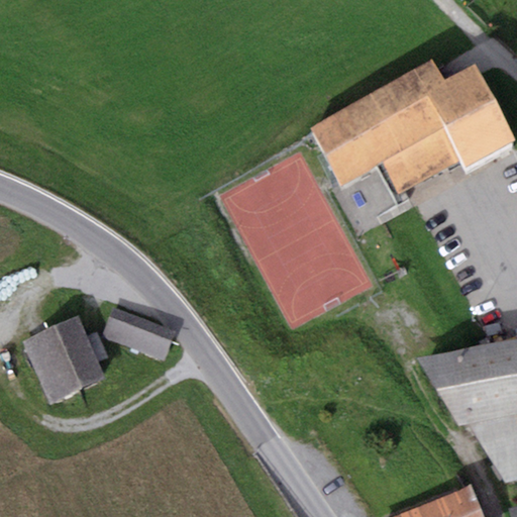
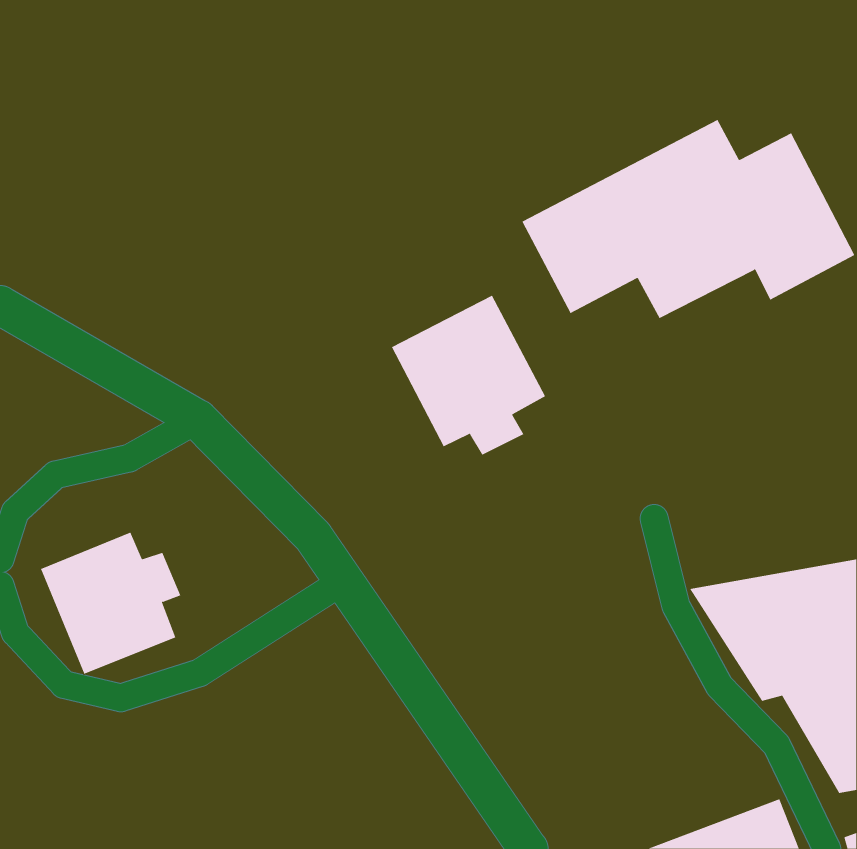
building: none -> [391,295,546,456]
building: [102,307,176,359] -> none

